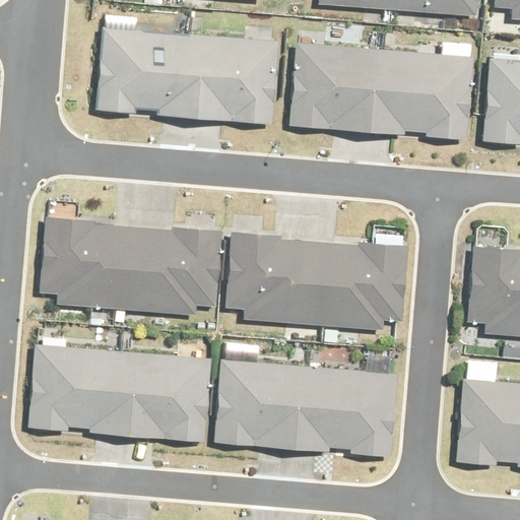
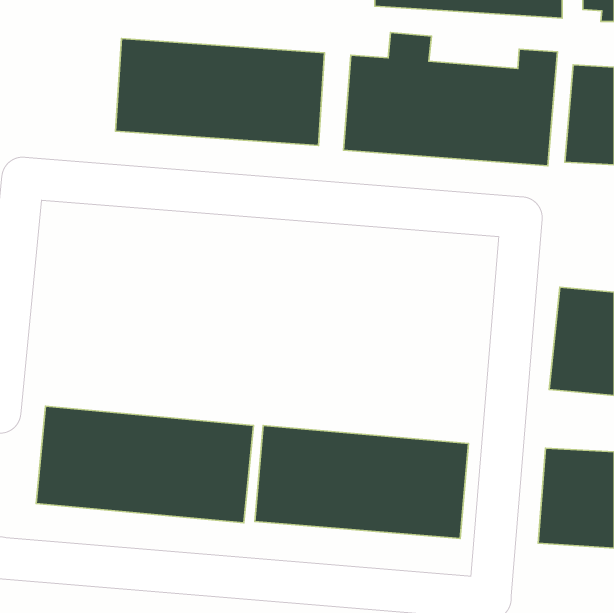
building: [44,215,221,308] -> none
building: [229,232,408,329] -> none

